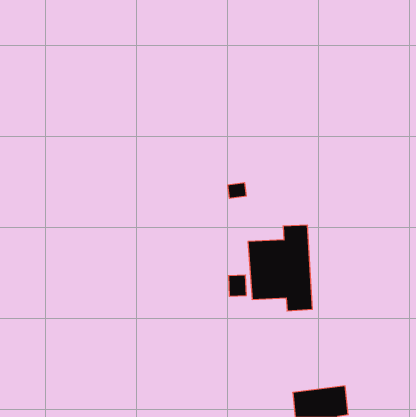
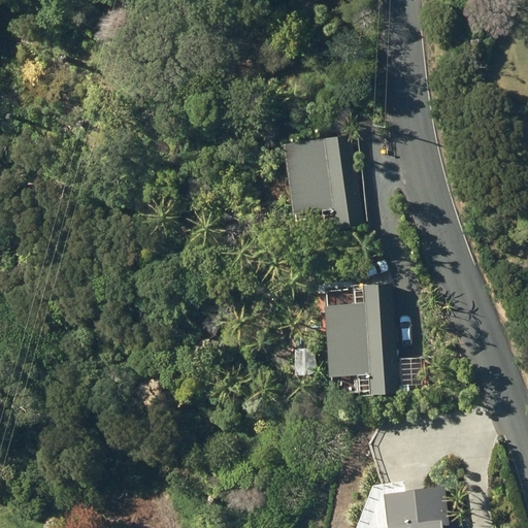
building: none -> [273,135,359,229]

